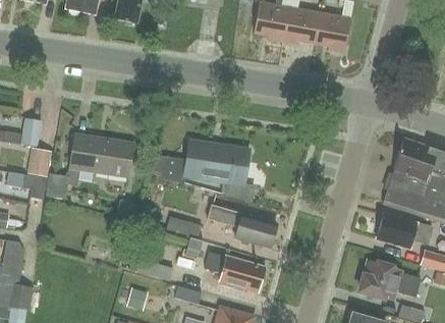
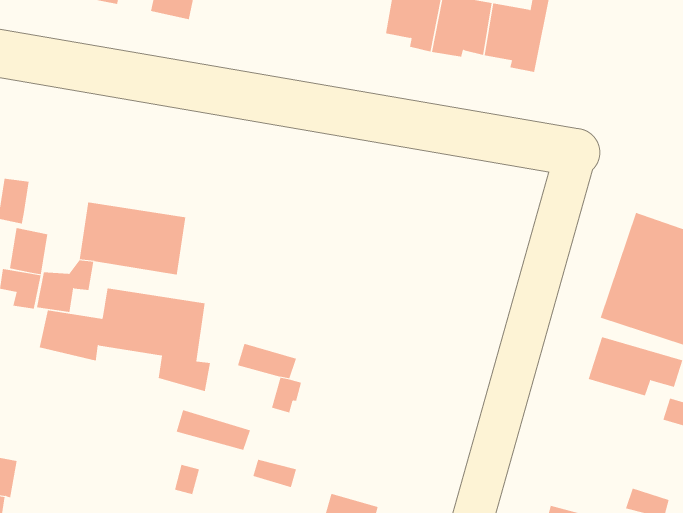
building: [150,140,253,202] -> [39,288,211,392]
building: [210,206,277,248] -> none
building: [205,252,266,291] -> none
building: [359,259,421,300] -> none

